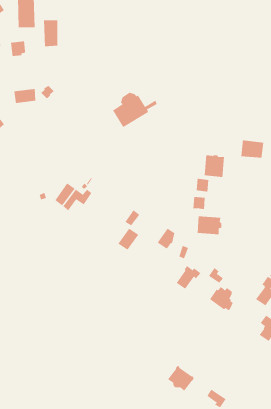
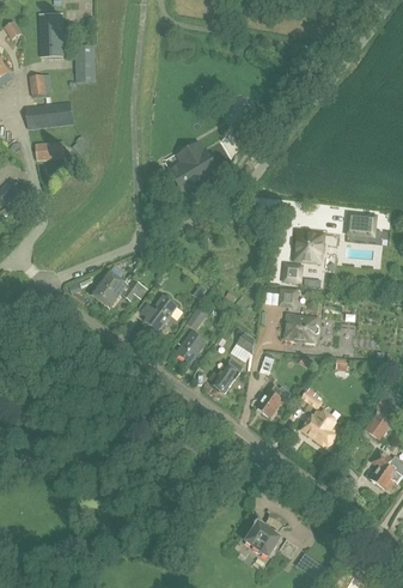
building: none -> [24,101,72,129]
building: none -> [140,296,177,332]
building: none -> [209,358,244,394]

